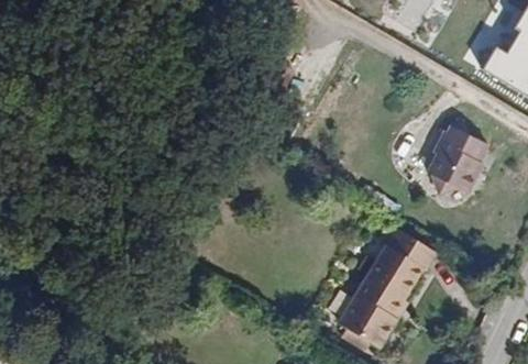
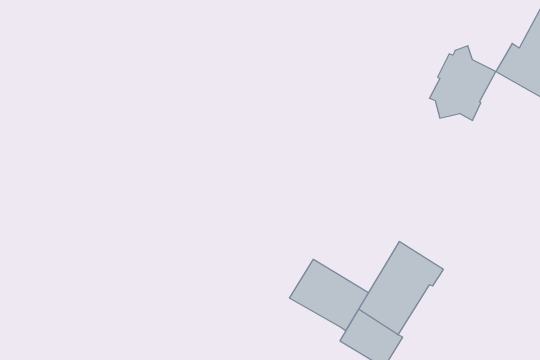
building: [431,123,494,194] -> [429,46,496,120]
building: none -> [290,259,368,331]

